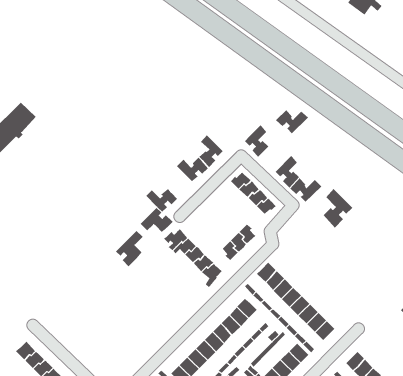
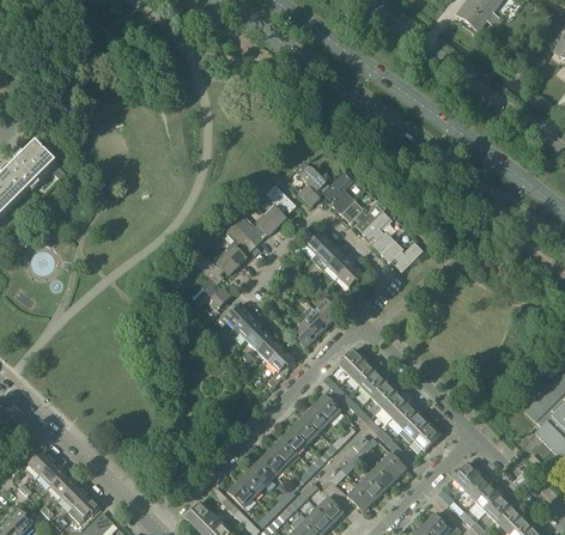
building: [275,109,309,134] -> [340,200,383,232]
building: none -> [297,165,329,207]
building: none -> [221,225,255,267]
building: [323,188,353,228] -> none
building: [115,230,143,267] -> none

